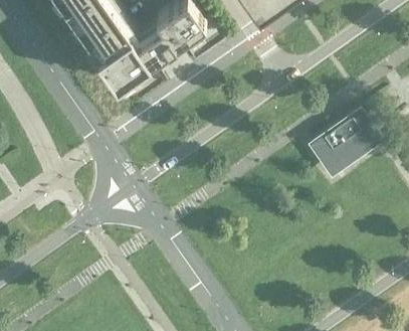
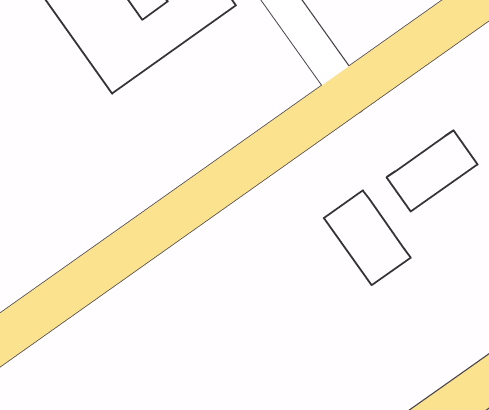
building: none -> [324,190,411,285]

